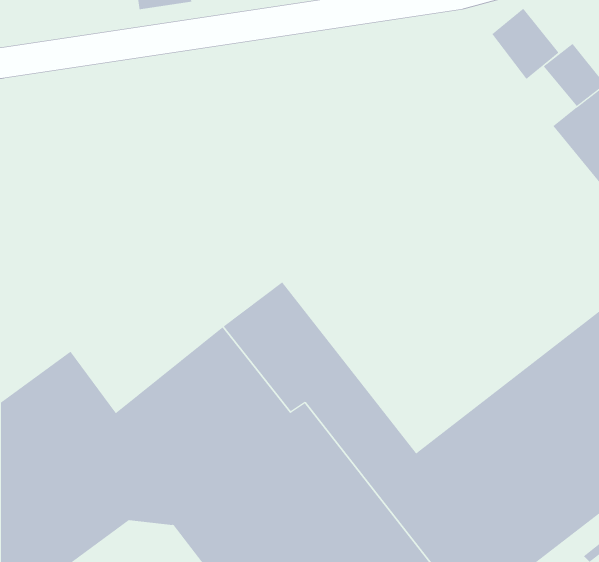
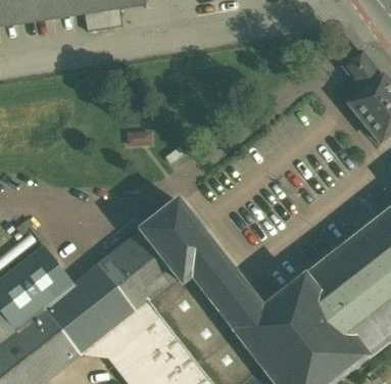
building: [492,8,559,80] -> none

